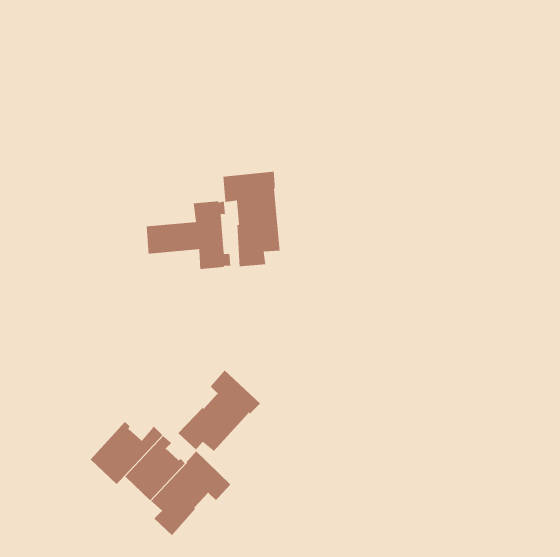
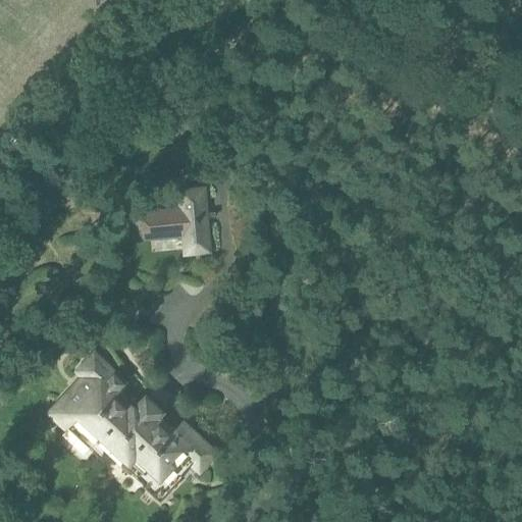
building: [223,171,280,267] -> none
building: [178,370,261,452] -> [50,351,127,427]

